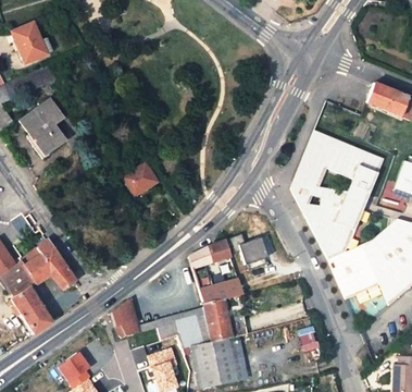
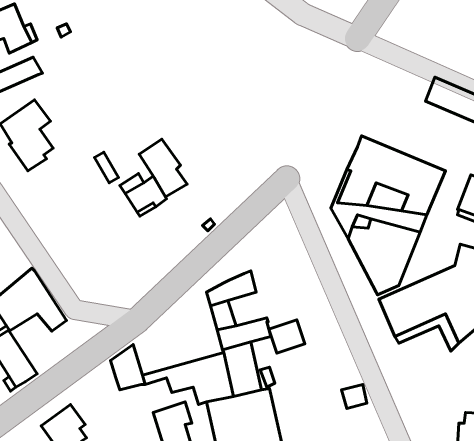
building: none -> [139,139,187,197]
building: [238,235,267,262] -> [269,320,305,353]

